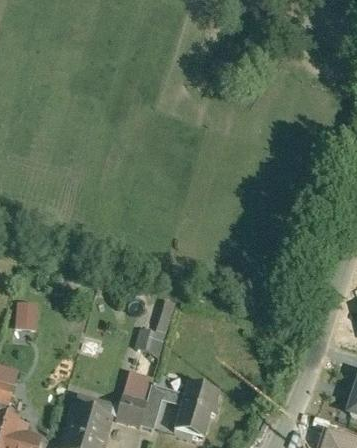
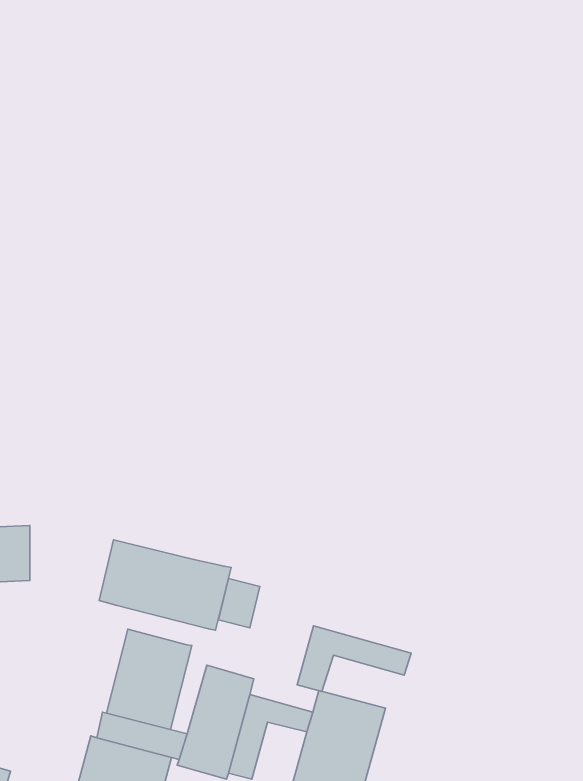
building: none -> [99,540,231,630]
building: none -> [297,626,411,691]
building: none -> [107,629,192,729]

